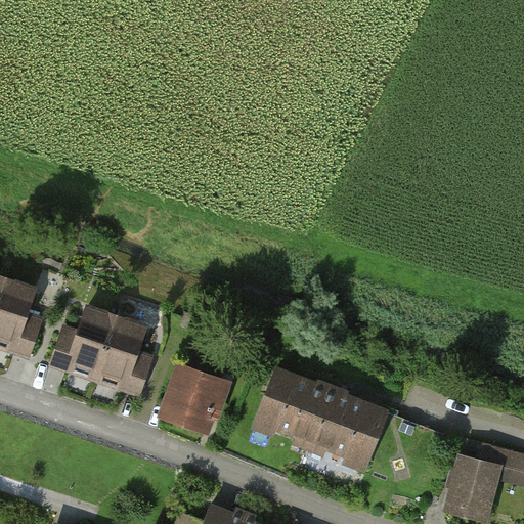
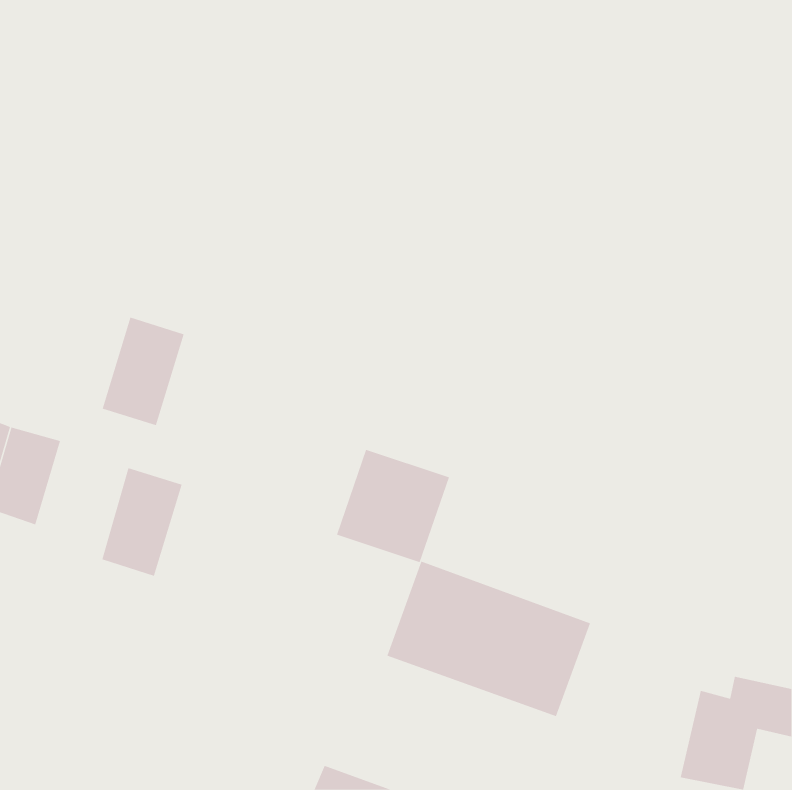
building: [101,318,156,390] -> [102,317,185,426]
building: [157,361,231,436] -> [336,449,450,563]

